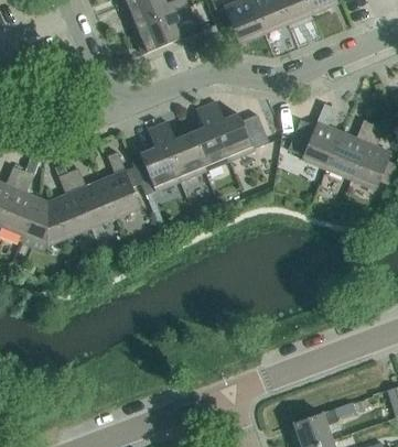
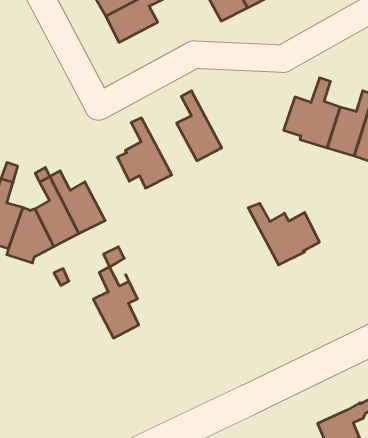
building: [206,101,269,160] -> [248,203,319,265]
building: [158,121,205,181] -> none
building: [100,151,141,217] -> [93,267,139,338]

